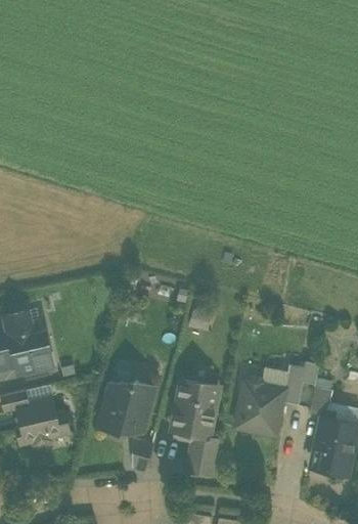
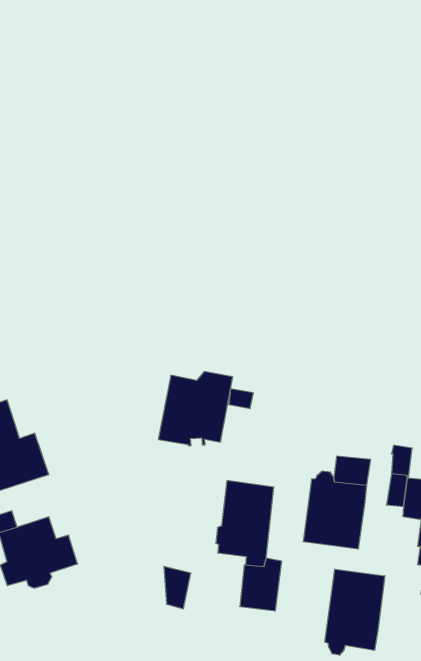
building: [282,365,305,405] -> none
building: [98,382,155,435] -> [158,372,233,446]
building: none -> [325,569,385,655]

